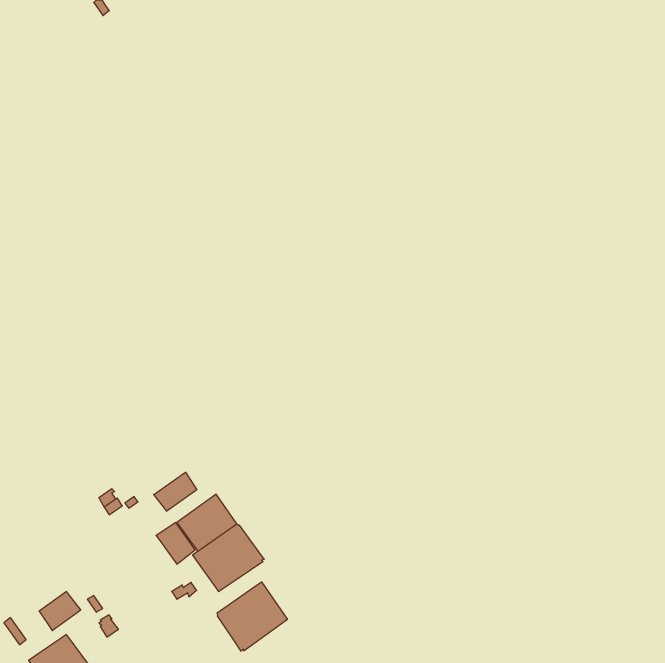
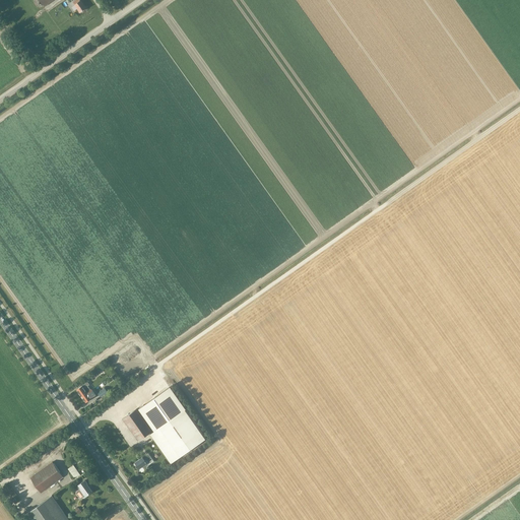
building: [154,472,197,511] -> none
building: [217,582,287,651] -> none

